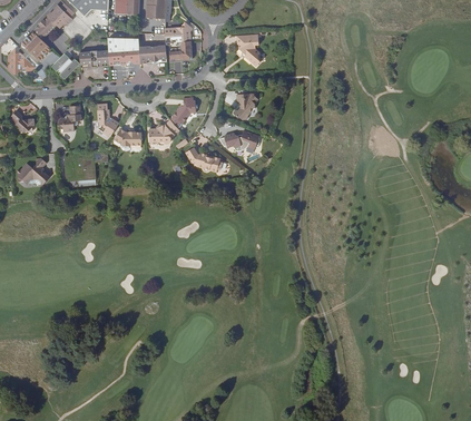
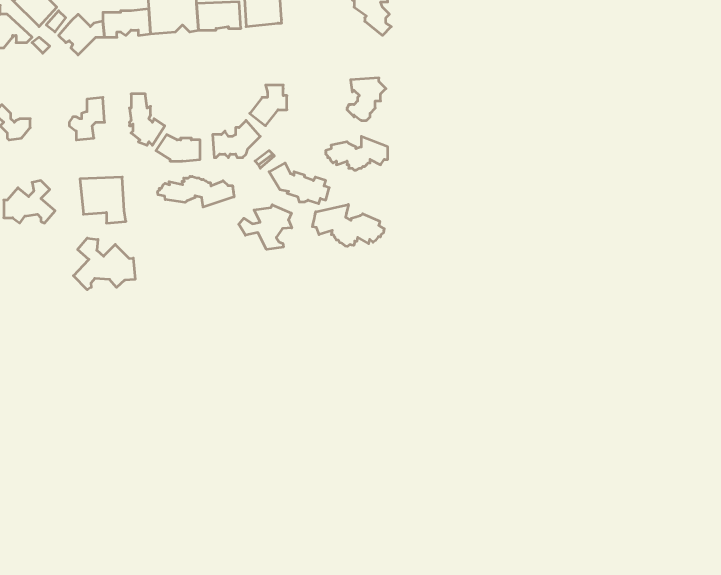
building: none -> [158,176,234,207]
building: none -> [312,204,384,246]
building: none -> [239,205,292,249]
building: none -> [73,238,135,290]

